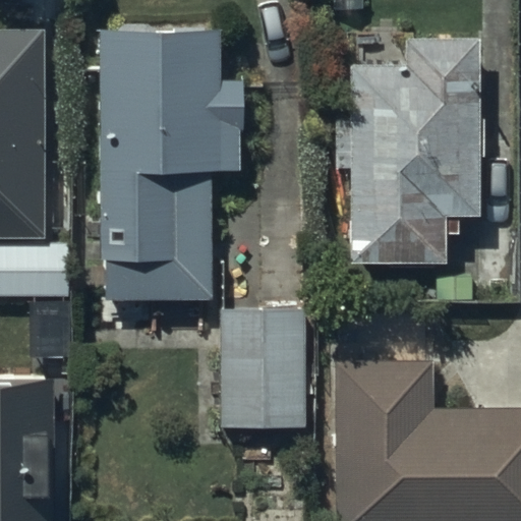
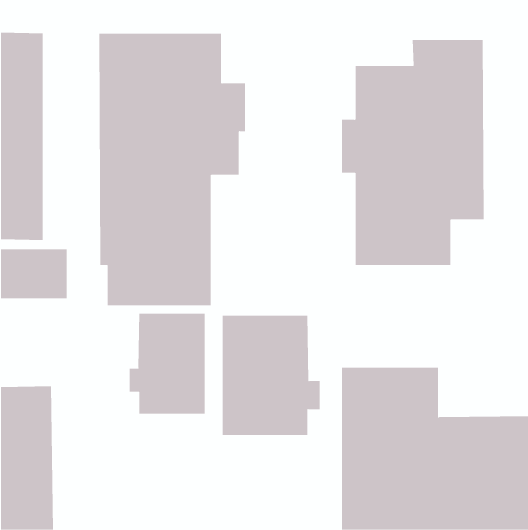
building: none -> [129,313,205,414]

